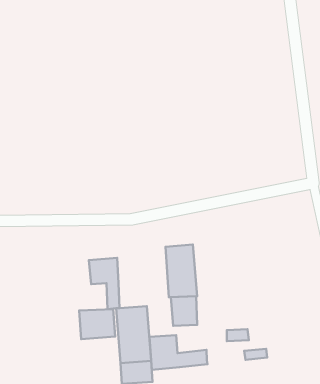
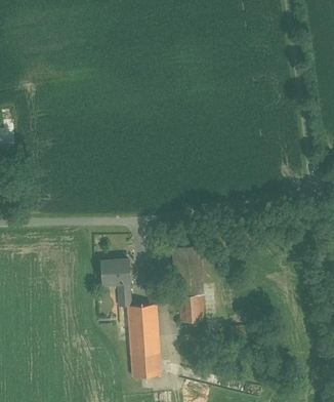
building: [79,309,115,339] -> none
building: [150,335,207,370] -> none

